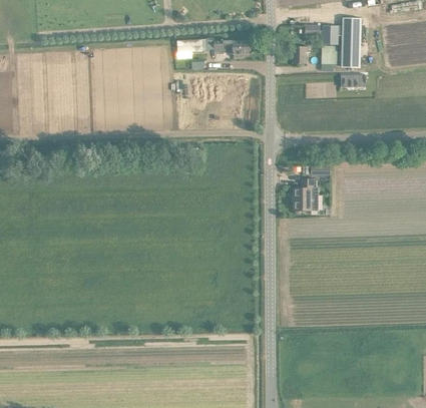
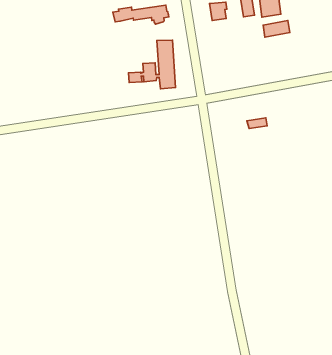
building: none -> [129,40,175,89]
building: [293,177,317,213] -> none

